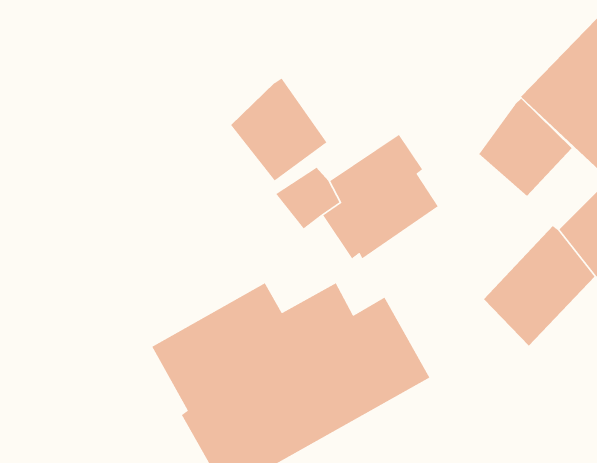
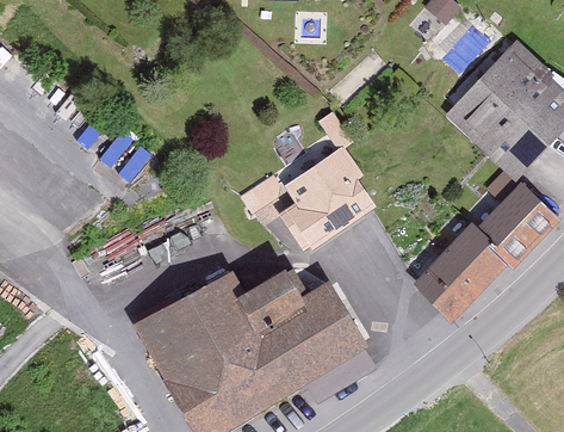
building: [230,78,328,182] -> none
building: [478,98,573,197] -> none

